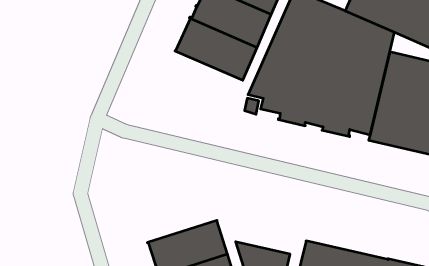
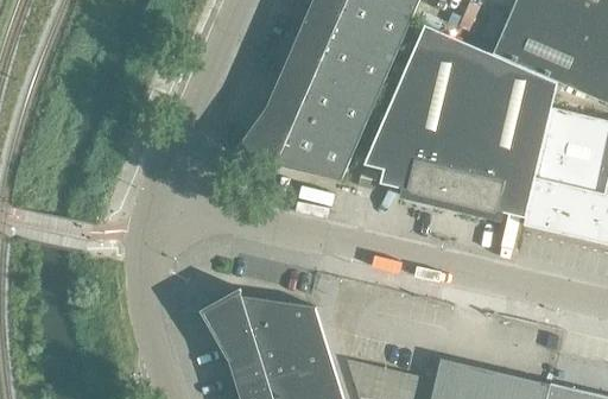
building: none -> [239,106,356,180]
building: none -> [201,289,322,361]

